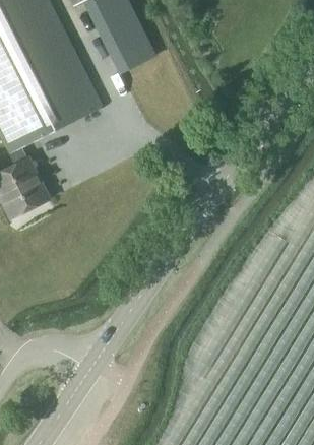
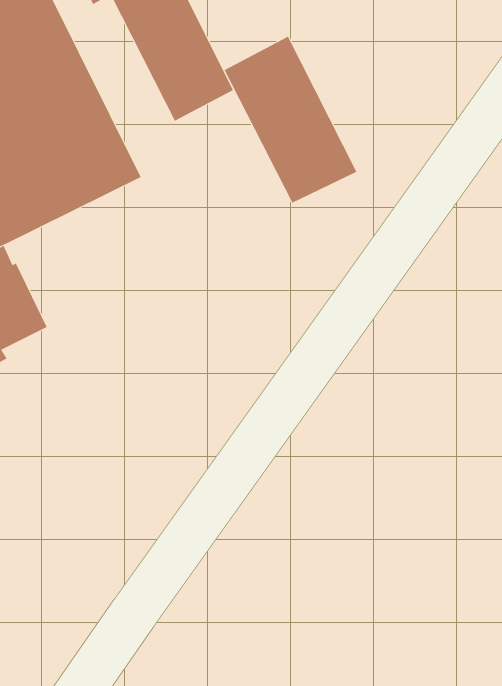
building: none -> [224,36,357,203]

